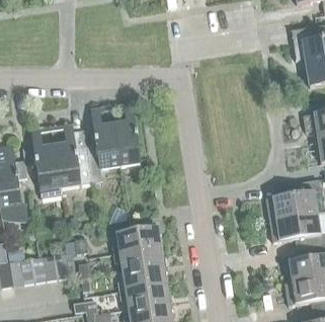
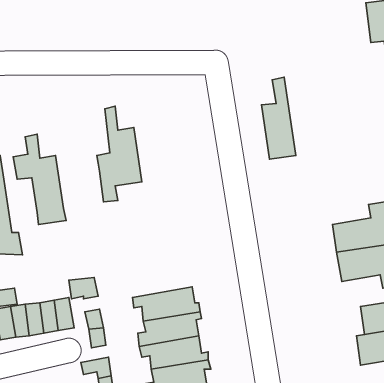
building: [114,102,141,165] -> [261,77,296,159]
building: [55,124,91,185] -> none
building: [111,219,160,253] -> none

